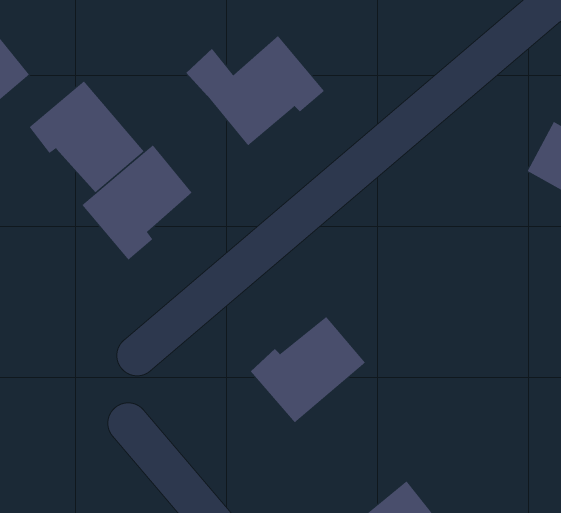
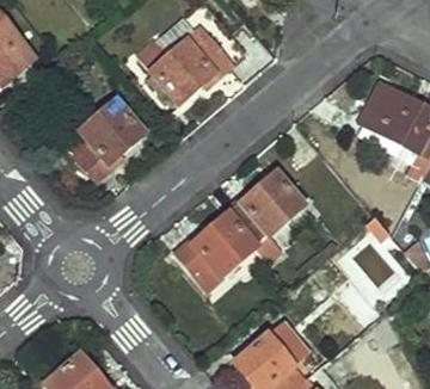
building: [29,80,144,193] -> none
building: none -> [227,174,305,247]

